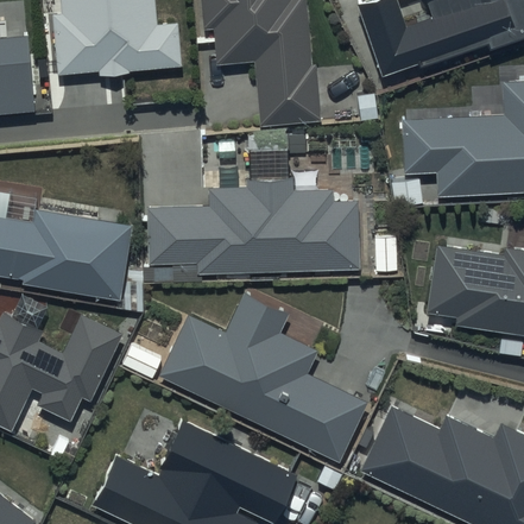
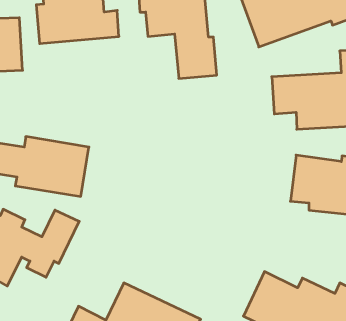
building: [151,179,359,271] -> none
building: [158,278,367,454] -> none

